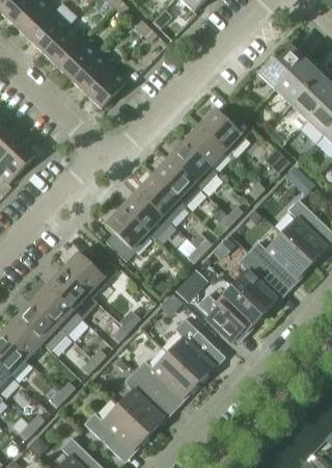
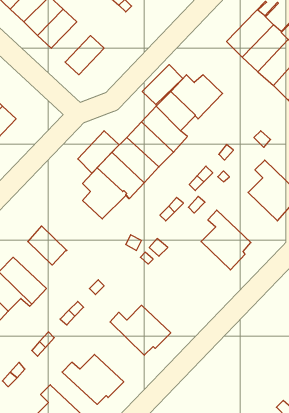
building: [72,52,113,95] -> none
building: none -> [142,65,183,105]
building: none -> [78,131,119,173]
building: [247,233,311,286] -> none
building: [61,251,117,297] -> none
building: [31,285,80,335] -> none
building: [197,285,261,339] -> none
building: [167,317,220,382] -> none
building: [117,370,170,434] -> none

